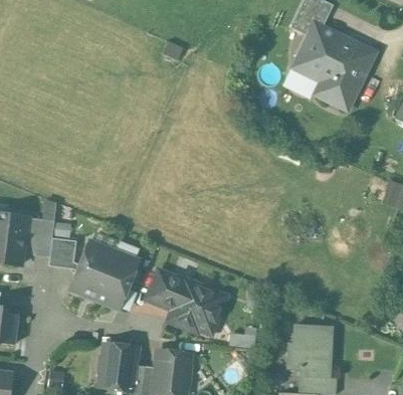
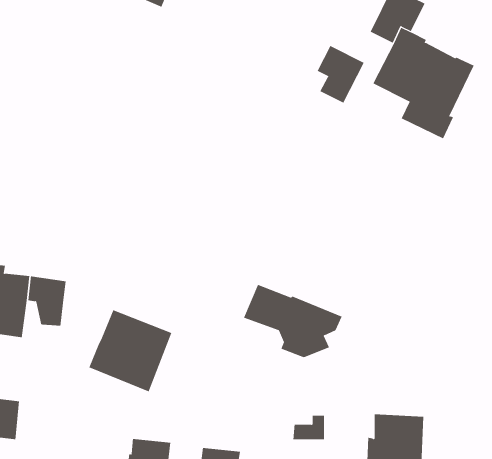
building: none -> [317,45,365,103]
building: [49,238,81,271] -> none
building: [148,272,225,330] -> [243,284,343,358]

